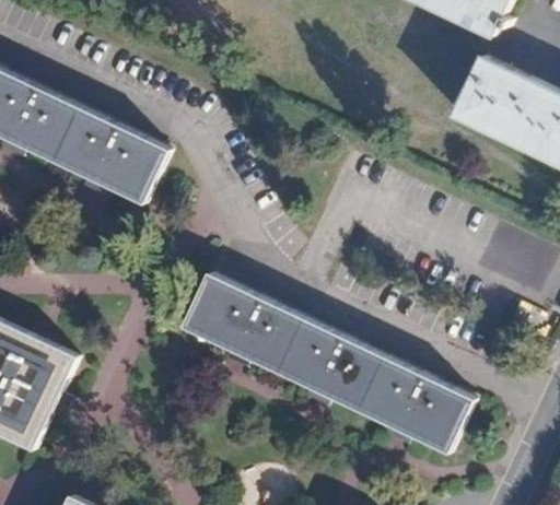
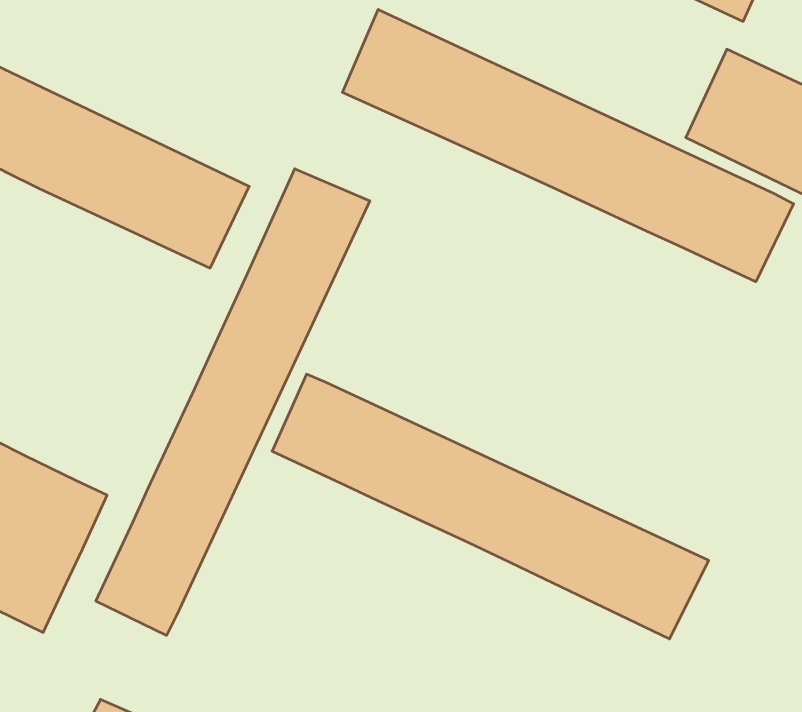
building: none -> [342,9,794,282]
building: none -> [96,169,370,635]

